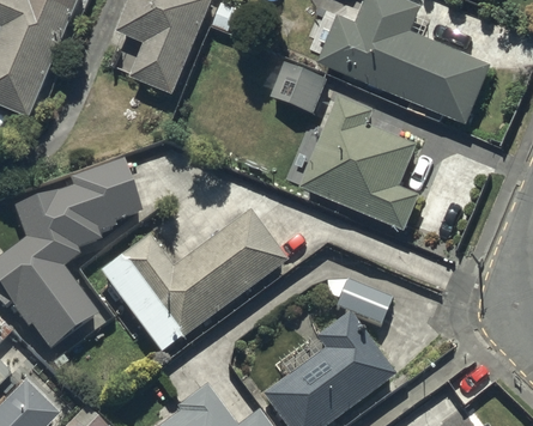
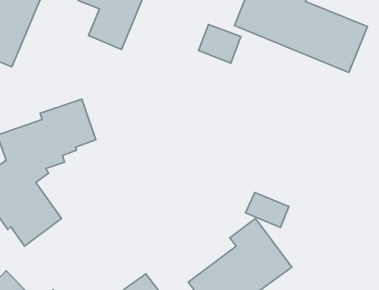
building: [299,95,420,232] -> none
building: [97,211,284,354] -> none

